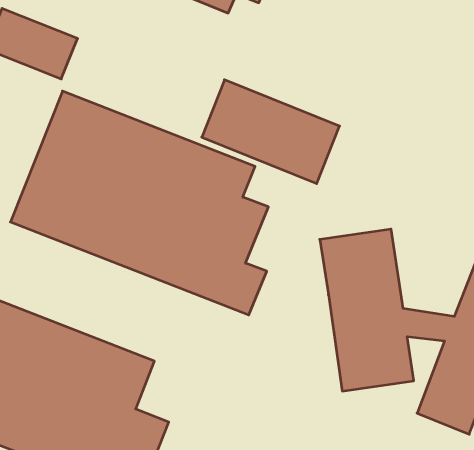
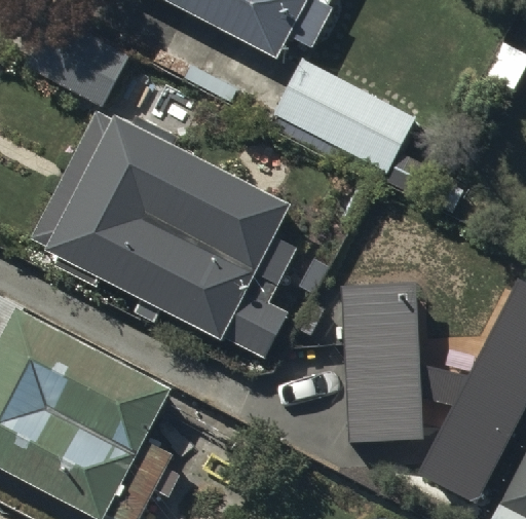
building: [202,80,340,184] -> [273,60,413,174]

